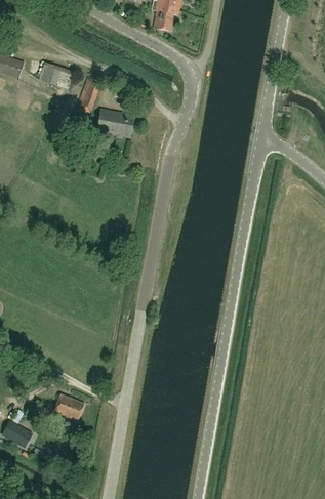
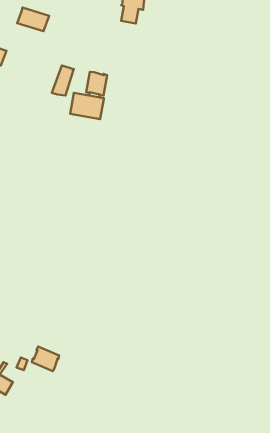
building: [37,63,73,89] -> [17,8,49,31]
building: none -> [86,72,107,96]

